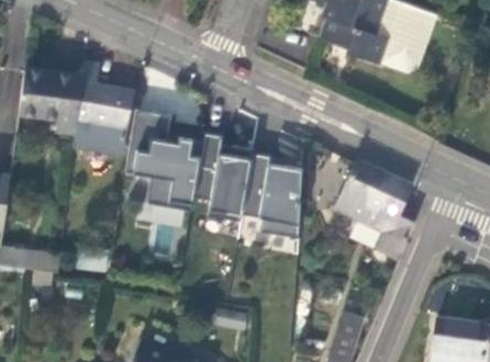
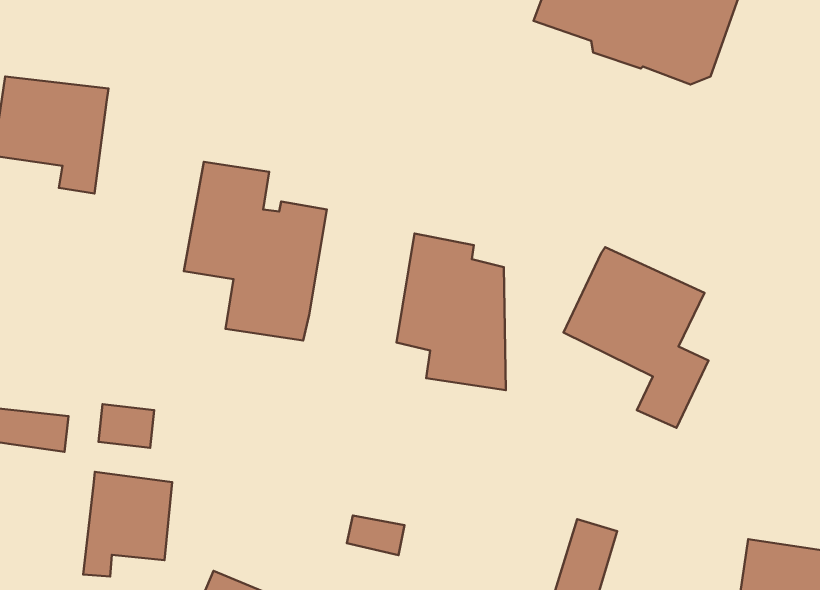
building: [74,59,132,148] -> none
building: [194,133,254,222] -> none
building: none -> [83,472,172,576]

